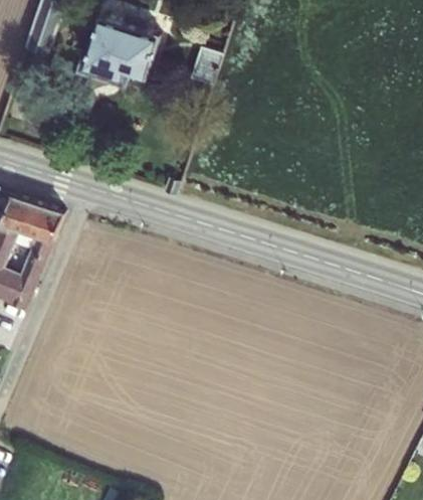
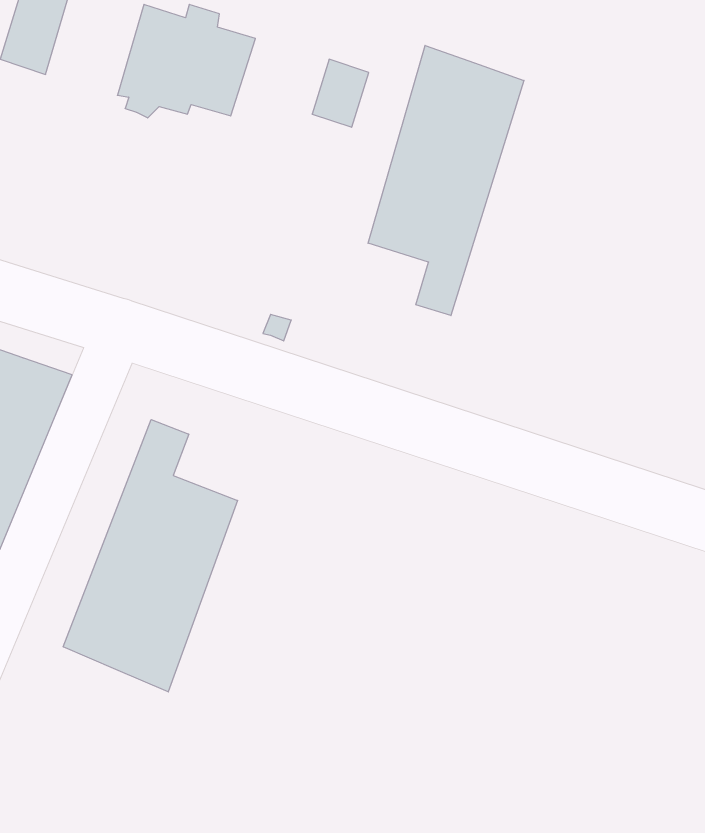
building: none -> [368,45,524,316]
building: none -> [63,420,238,692]

